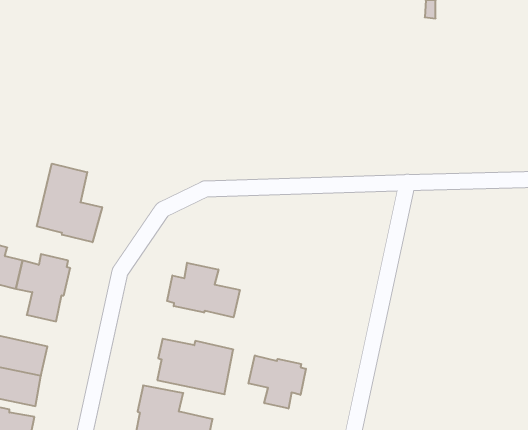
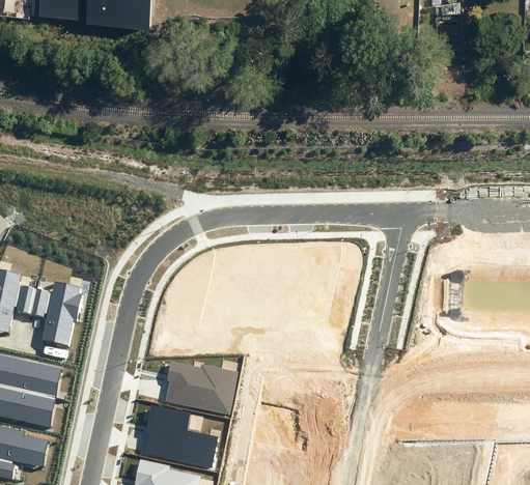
building: [37,164,102,242] -> none
building: [167,263,240,317] -> none
building: [249,355,306,409] -> none

